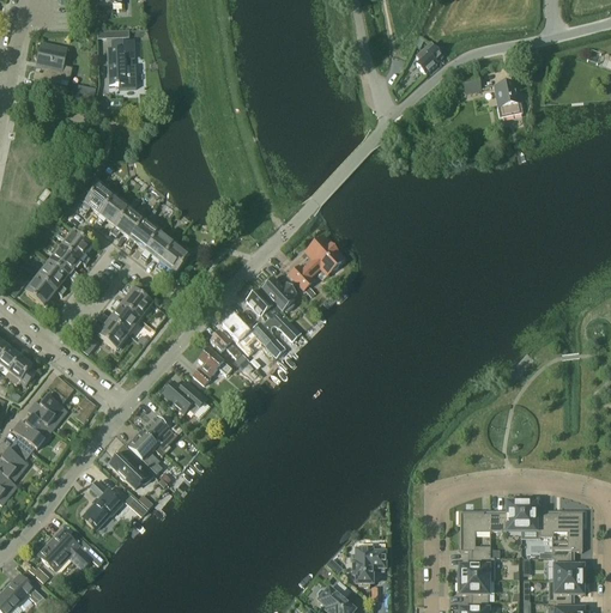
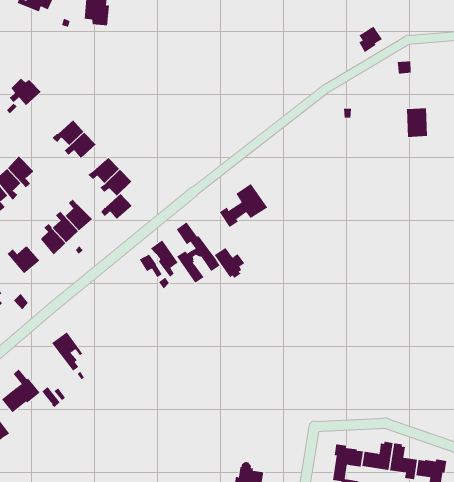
building: [492,80,521,116] -> [406,108,428,137]
building: [79,183,114,213] -> [9,78,41,106]
building: [125,219,159,249] -> [100,193,133,220]
building: [60,229,91,263] -> none
building: [260,277,296,310] -> [214,247,245,279]
building: none -> [7,246,40,274]
building: [192,347,231,384] -> none
building: [162,381,206,413] -> none
building: [143,412,182,451] -> none
building: [110,453,153,487] -> none

